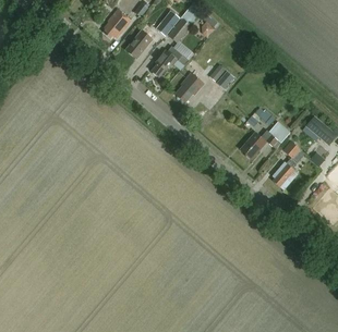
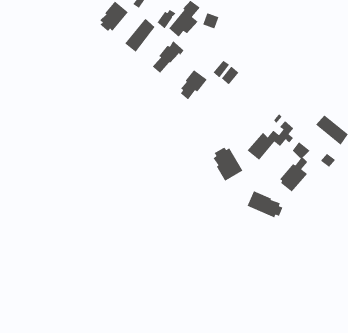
building: none -> [212,146,243,182]
building: none -> [247,190,284,219]

